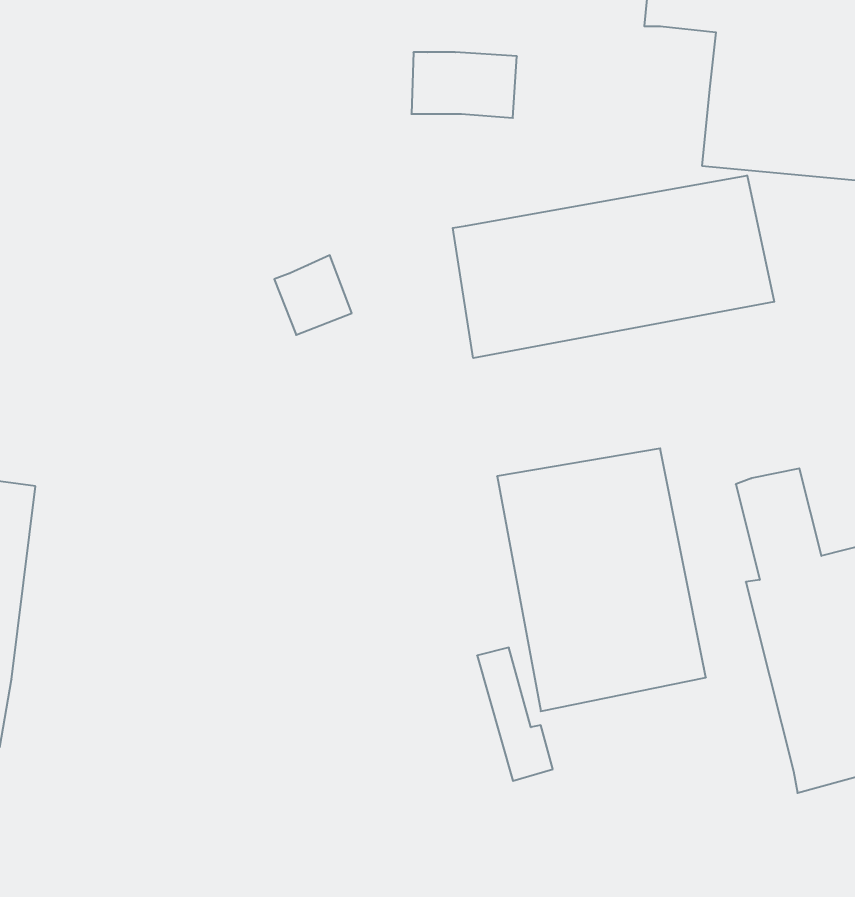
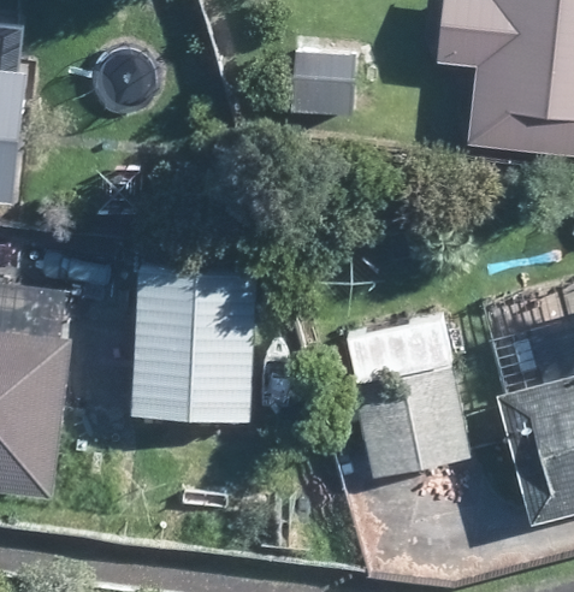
building: [453,175,774,358] -> none
building: none -> [131,267,254,422]

